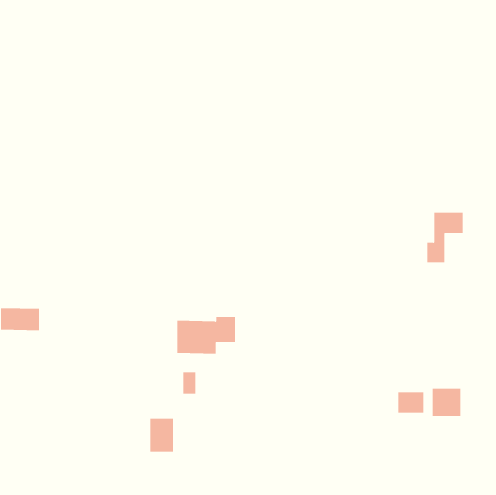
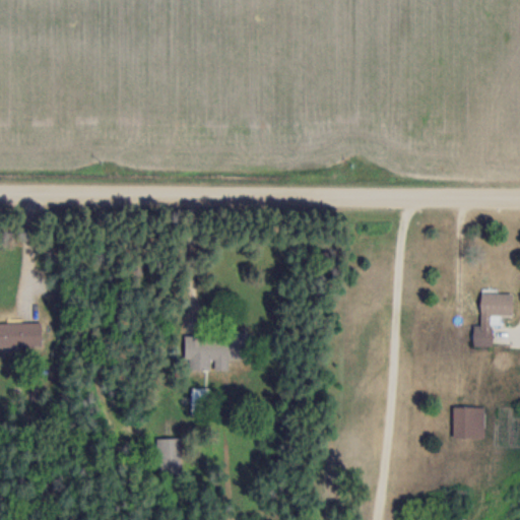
building: [427,212,464,263] -> [472,294,511,346]
building: [398,392,424,413] -> none

